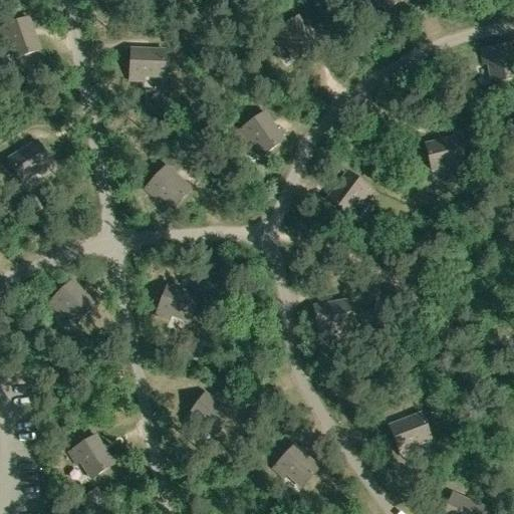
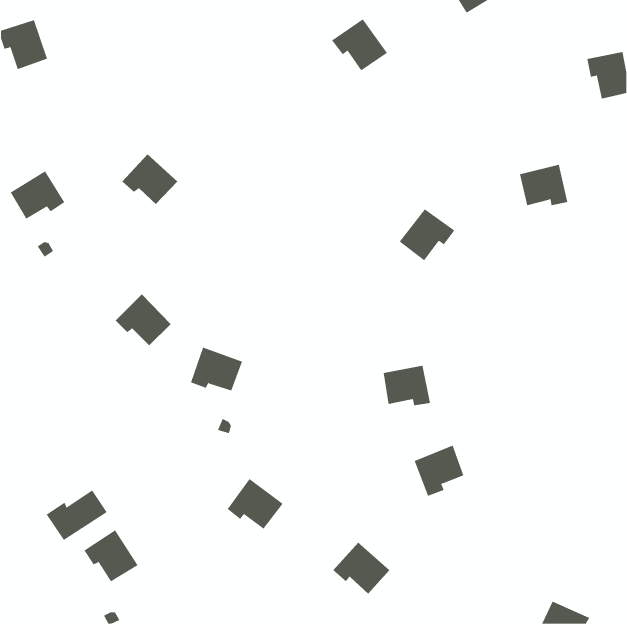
building: [128,47,165,79] -> none
building: [238,110,284,155] -> none
building: [145,165,191,207] -> [122,153,178,205]
building: [48,279,94,322] -> [115,294,171,346]
building: none -> [46,489,107,541]
building: [389,412,430,454] -> [414,445,464,496]

